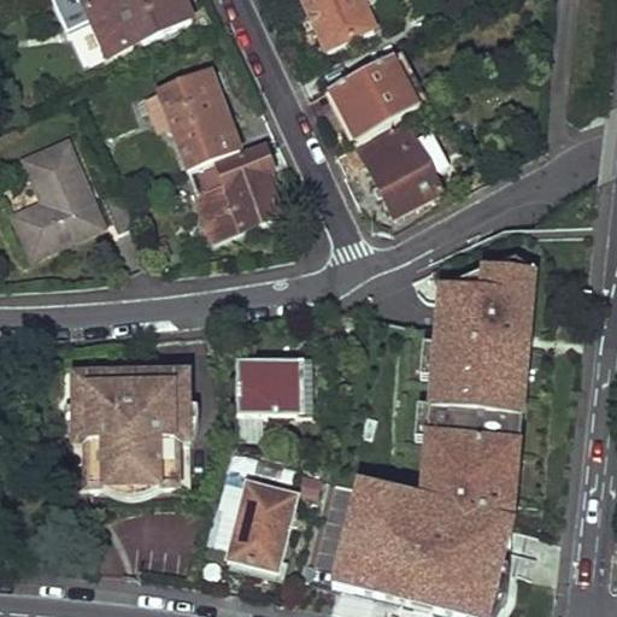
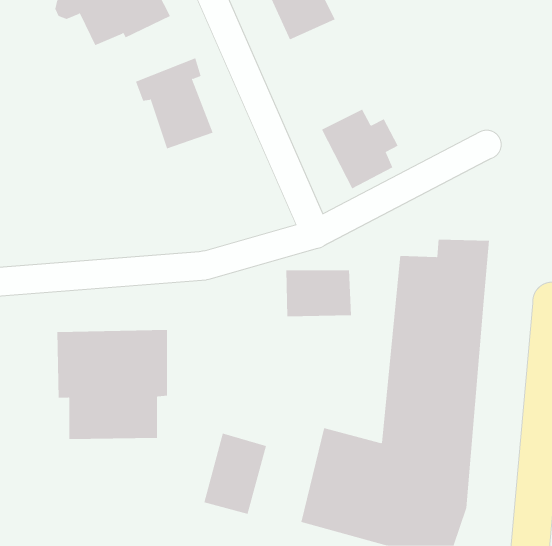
building: [325,51,418,137] -> none
building: [8,137,96,252] -> none
building: [194,142,277,236] -> none
building: [236,362,310,413] -> [286,270,352,317]

